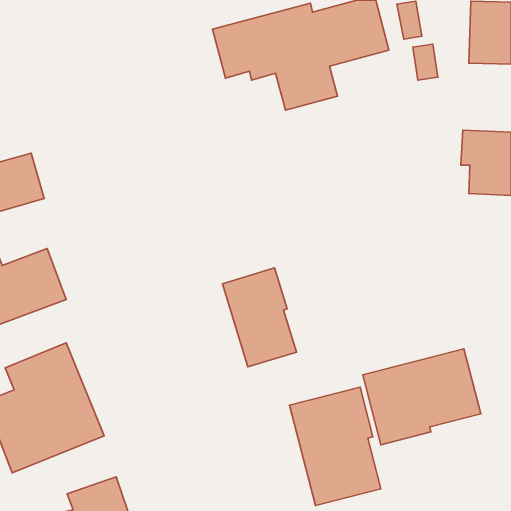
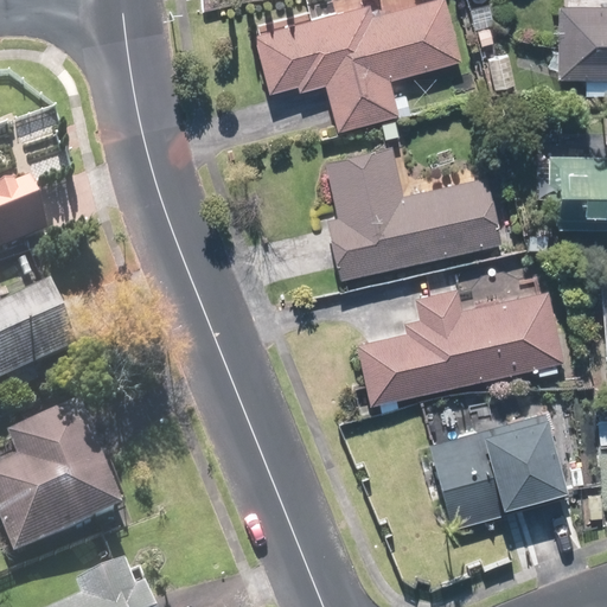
building: none -> [325,142,505,281]
building: none -> [358,285,564,421]
building: [222,268,296,367] -> none
building: [290,387,381,505] -> none

